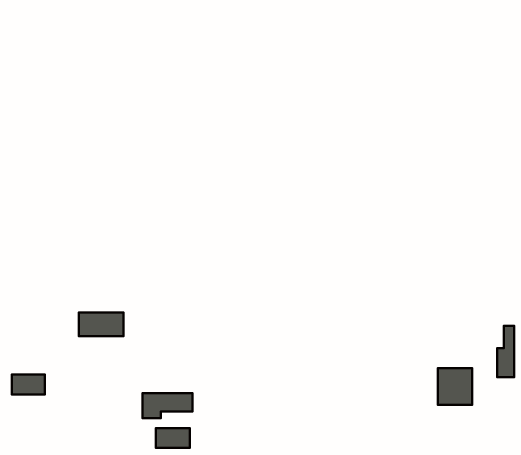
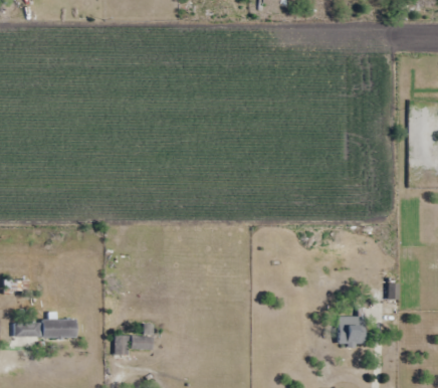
building: [79,312,124,336] -> [41,319,75,337]
building: [156,428,190,448] -> none

